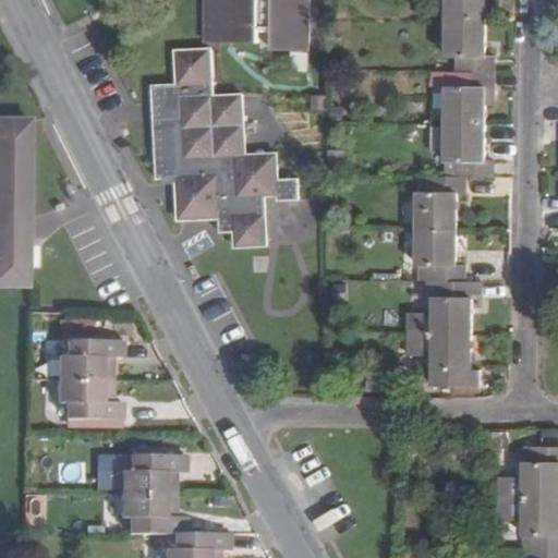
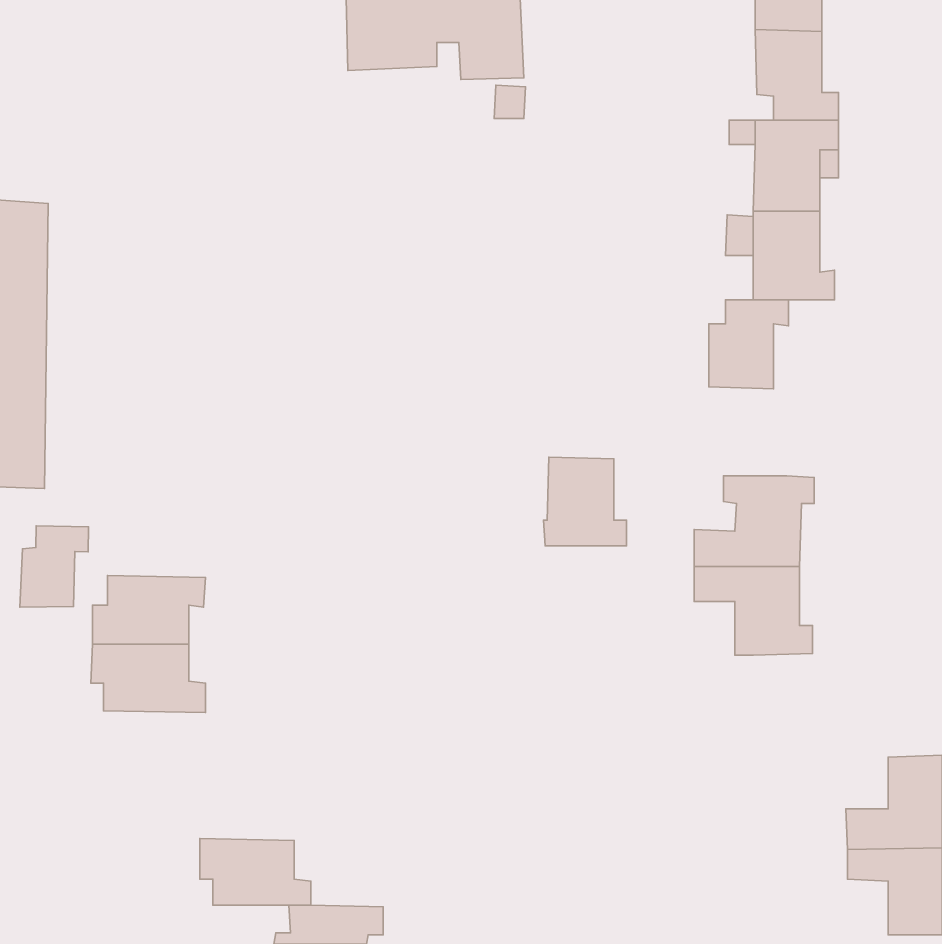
building: [149,48,298,246] -> none
building: [414,228,463,280] -> [543,457,627,546]
building: none -> [20,526,89,607]
building: [118,454,184,495] -> none

